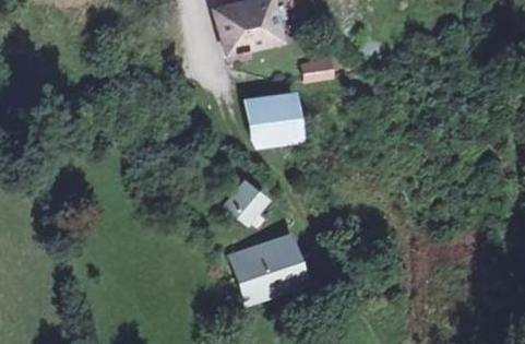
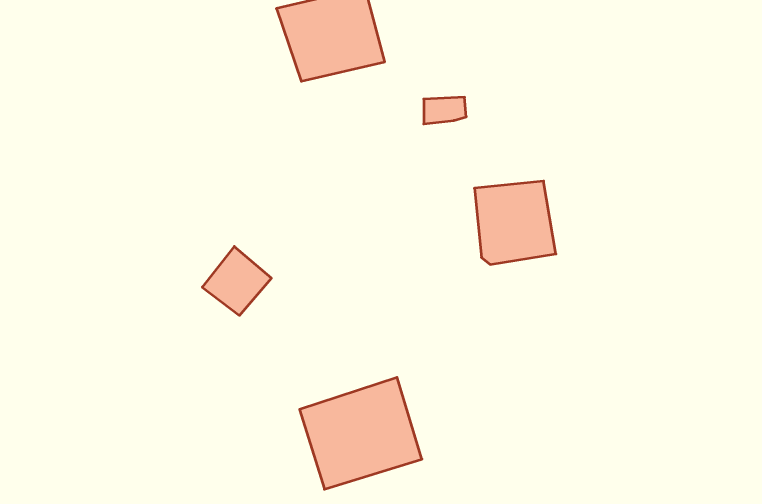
building: [250,96,300,147] -> [474,181,556,264]
building: [226,178,269,221] -> [202,246,271,315]

